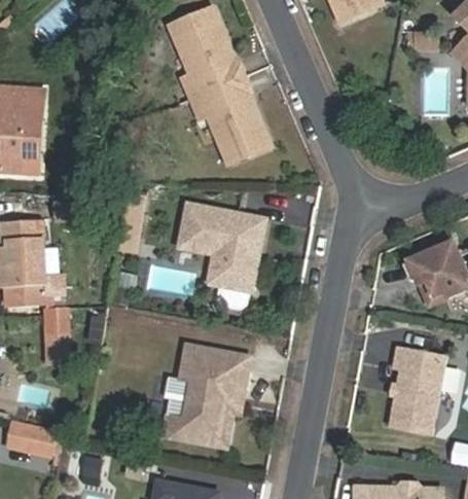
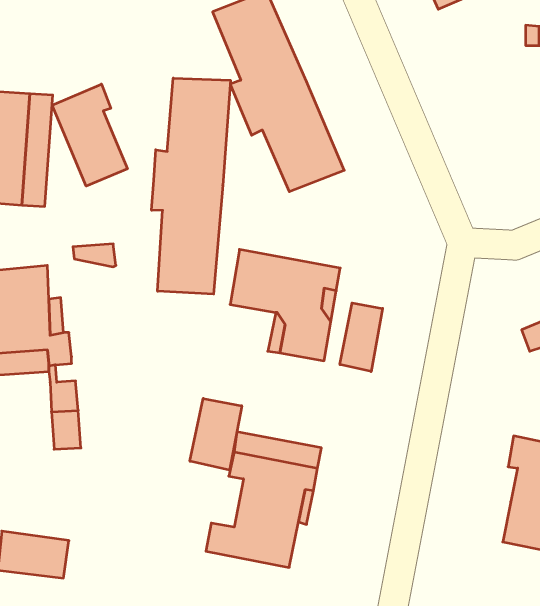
building: none -> [152,78,230,294]
building: none -> [52,84,127,186]
building: none -> [340,303,383,372]
building: none -> [190,398,242,470]

